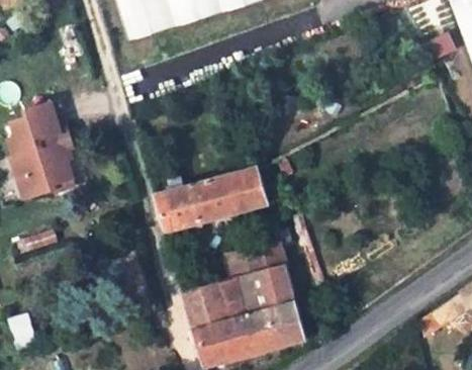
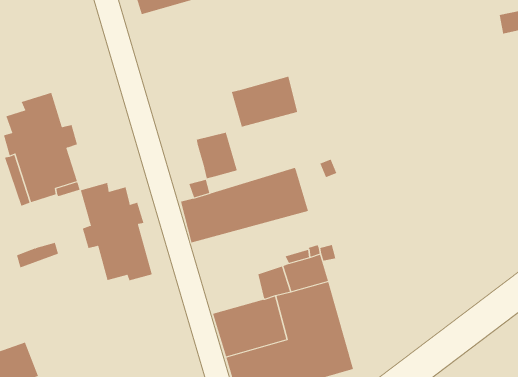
building: none -> [231,76,298,127]
building: none -> [196,132,238,179]
building: none -> [80,182,152,281]

